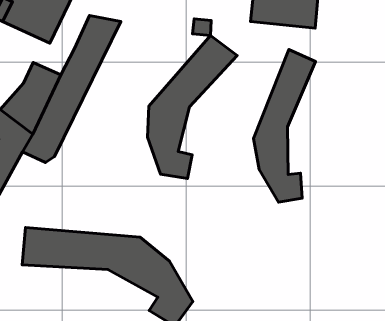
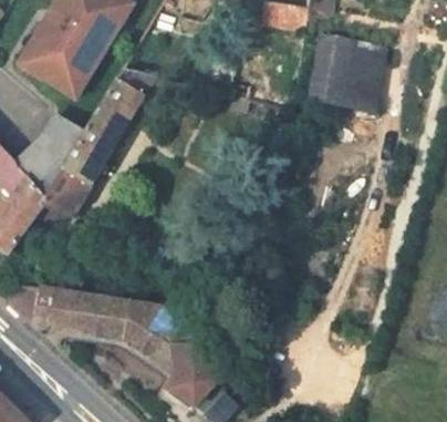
building: [147,35,237,179] -> none
building: [253,50,316,202] -> none

